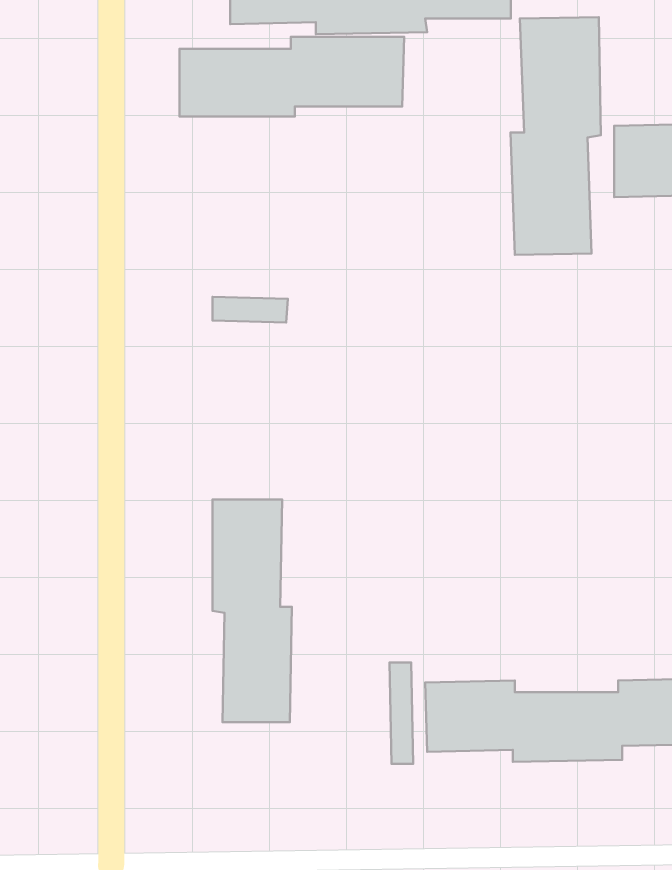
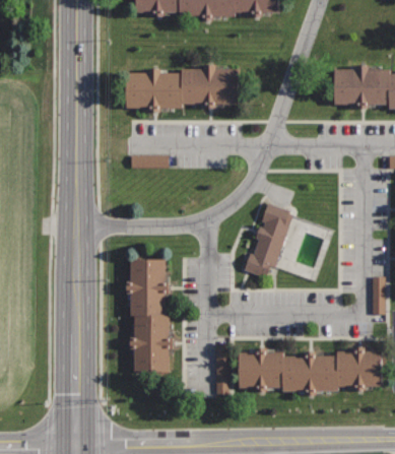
building: [511,17,601,255] -> none
building: [179,37,404,116] -> [125,68,240,109]
building: none -> [242,201,292,278]

